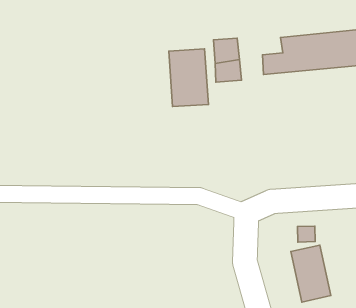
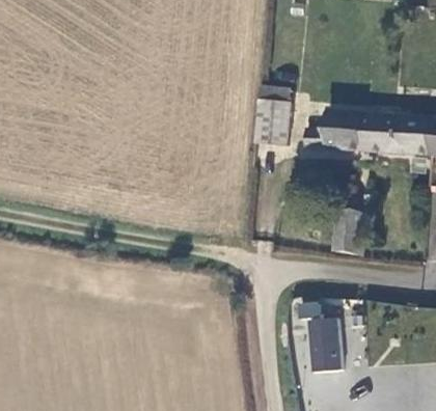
building: [169,49,208,107] -> none
building: none -> [338,204,370,256]

